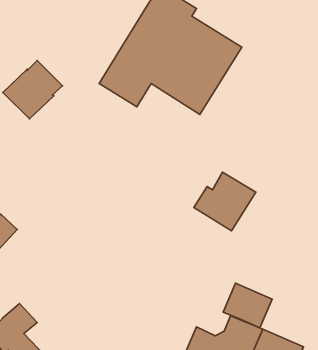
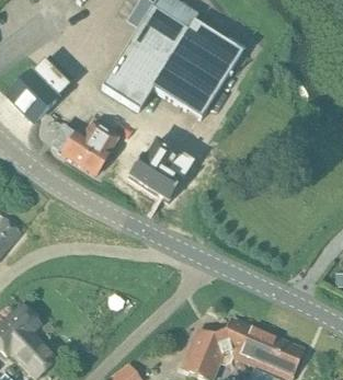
building: none -> [62,122,118,174]
building: [194,172,256,231] -> [125,148,186,206]
building: [223,283,272,328] -> none

